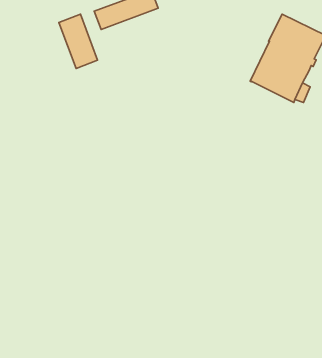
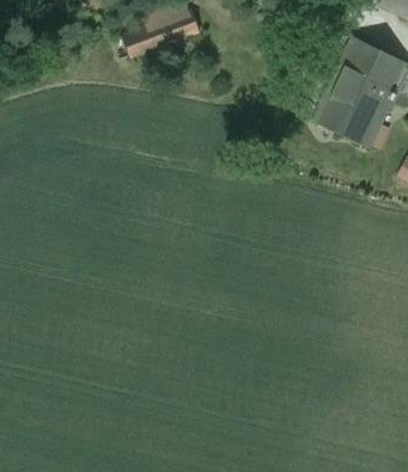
building: [59,14,98,68] -> none

